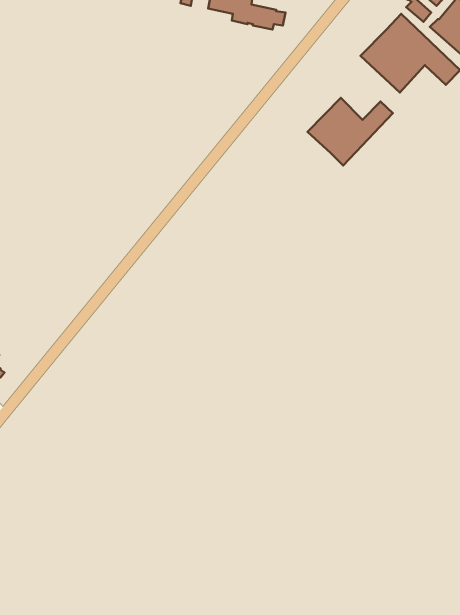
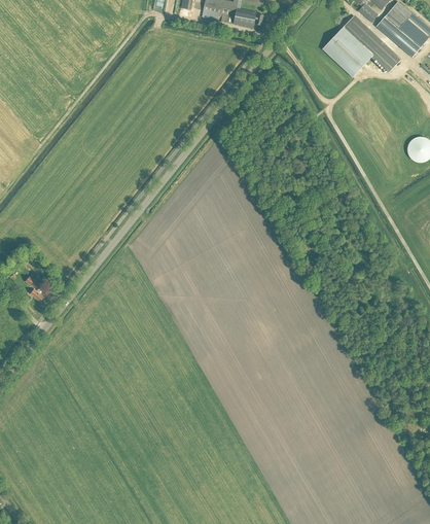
building: [307,98,393,165] -> none

